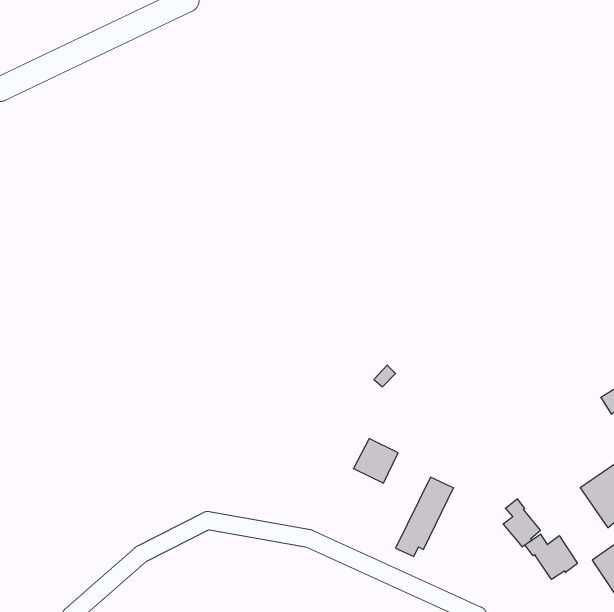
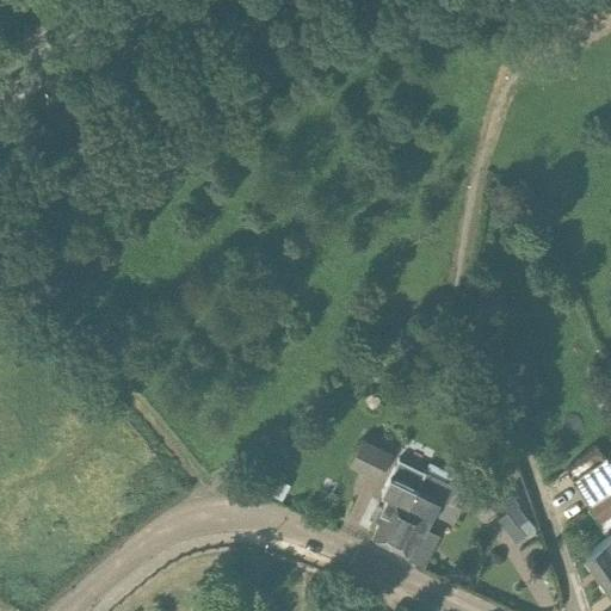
building: none -> [376,462,428,547]
building: [525,534,577,579] -> none

